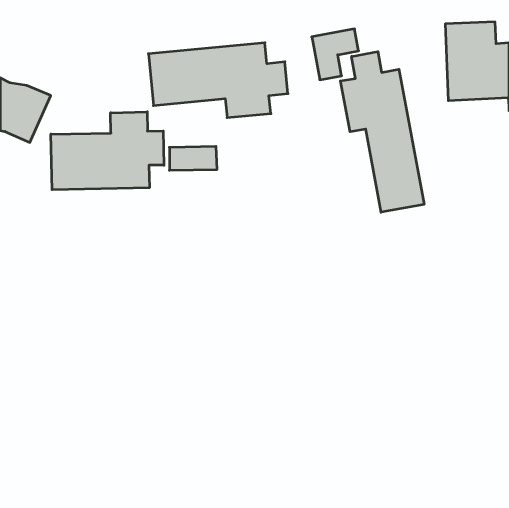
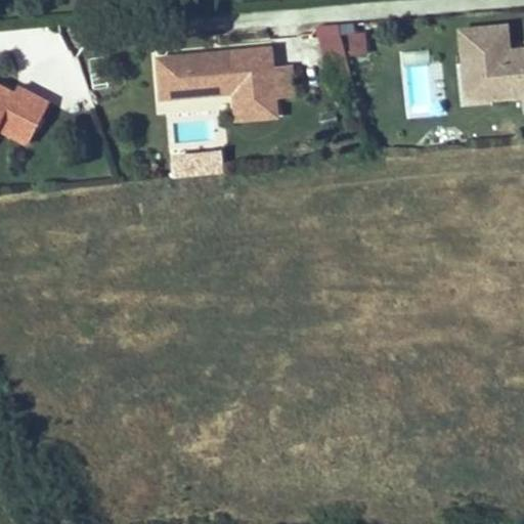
building: [340,52,424,212] -> none
building: [51,112,164,190] -> none

